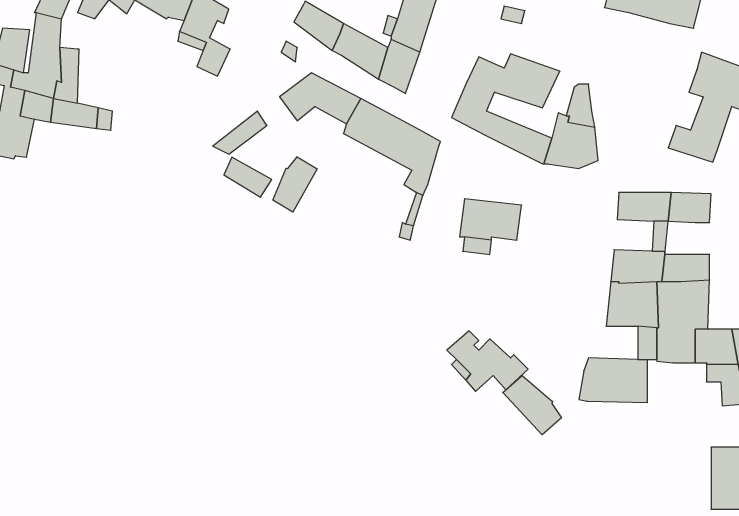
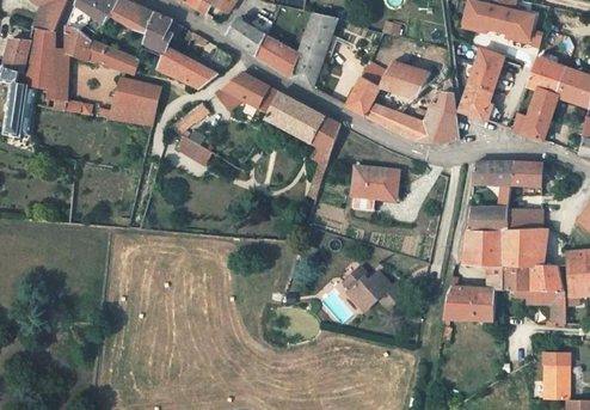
building: none -> [67,27,139,73]
building: none -> [459,50,503,120]
building: none -> [172,55,217,87]
building: none -> [97,78,160,124]
building: [273,157,317,212] -> none
building: [503,375,562,435] -> none

